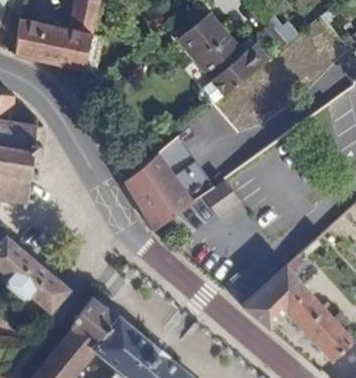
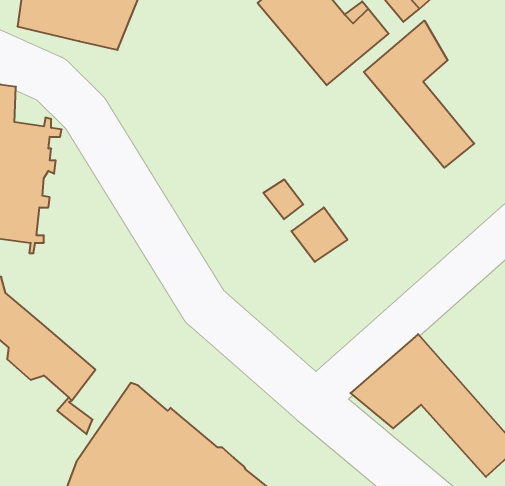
building: none -> [364,21,474,168]
building: [124,150,195,229] -> none

